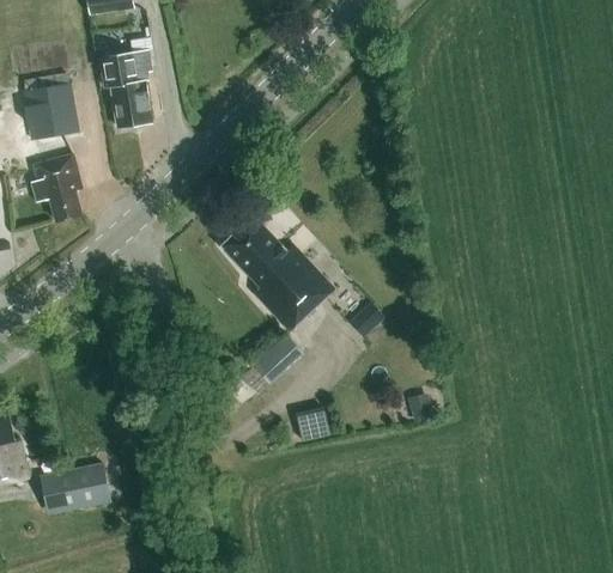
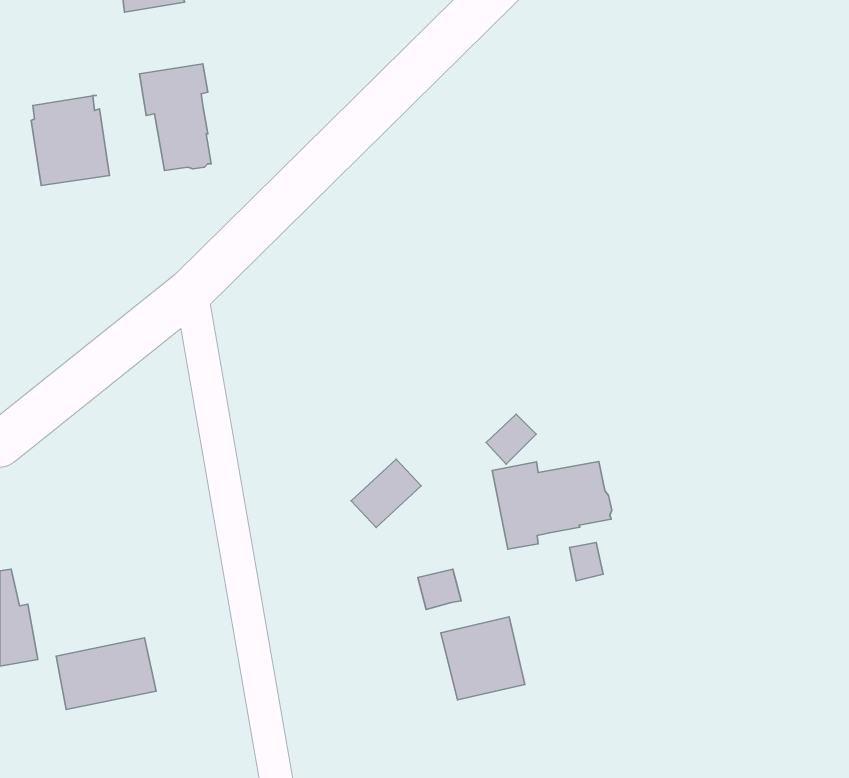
building: [28,153,83,220] -> none
building: [221,215,336,329] -> none
building: none -> [492,462,612,549]
building: none -> [441,617,525,700]

